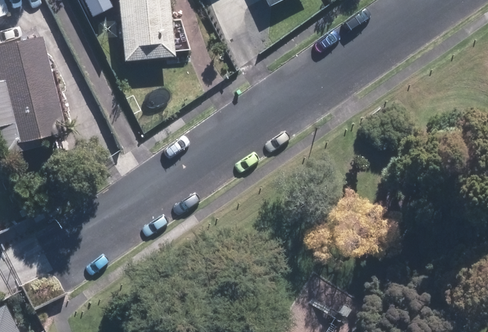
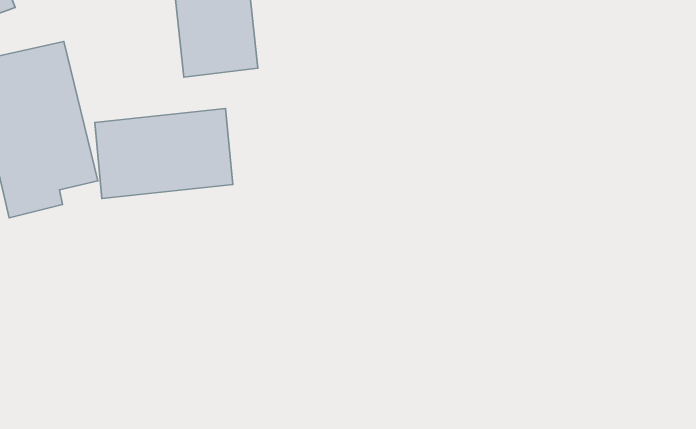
building: none -> [95,108,233,198]

